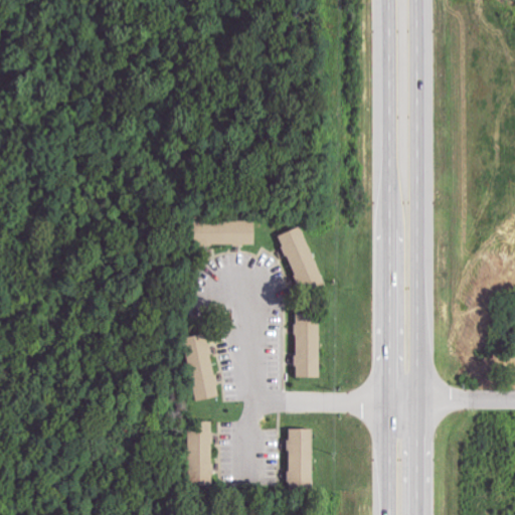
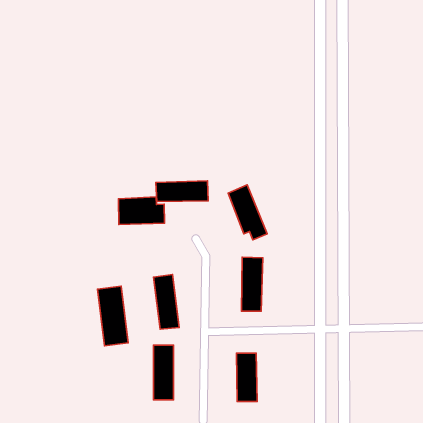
building: none -> [118,197,165,225]
building: none -> [98,286,128,346]

